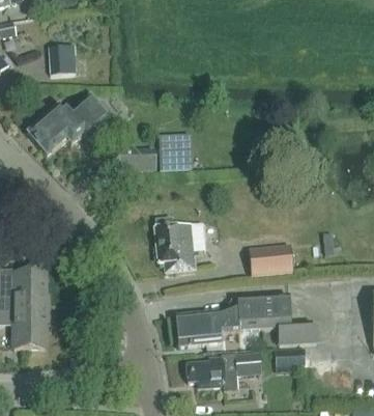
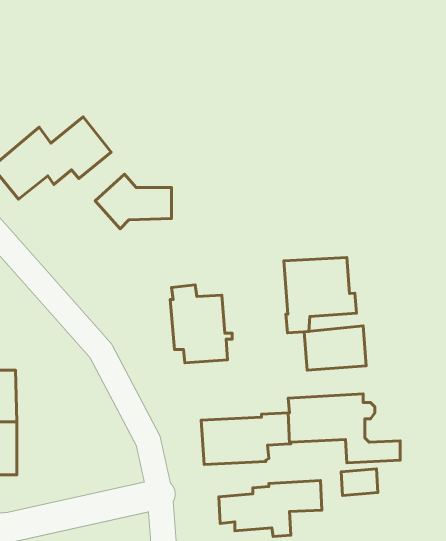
building: [49,44,77,73] -> none
building: [160,133,191,168] -> none
building: none -> [284,257,356,333]

